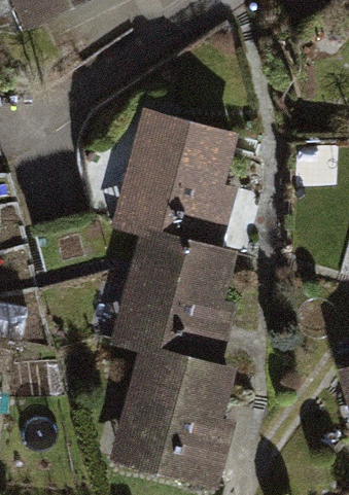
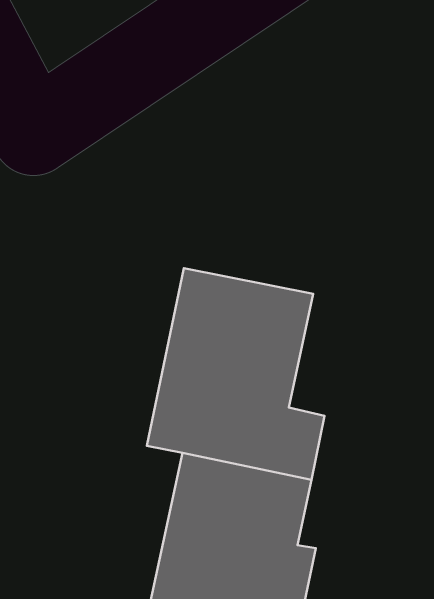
building: [119,115,241,240] -> none

